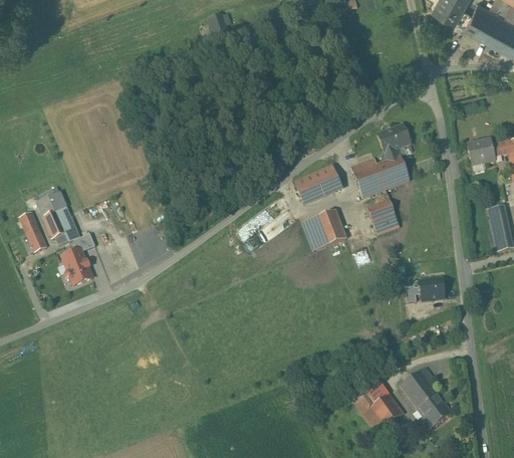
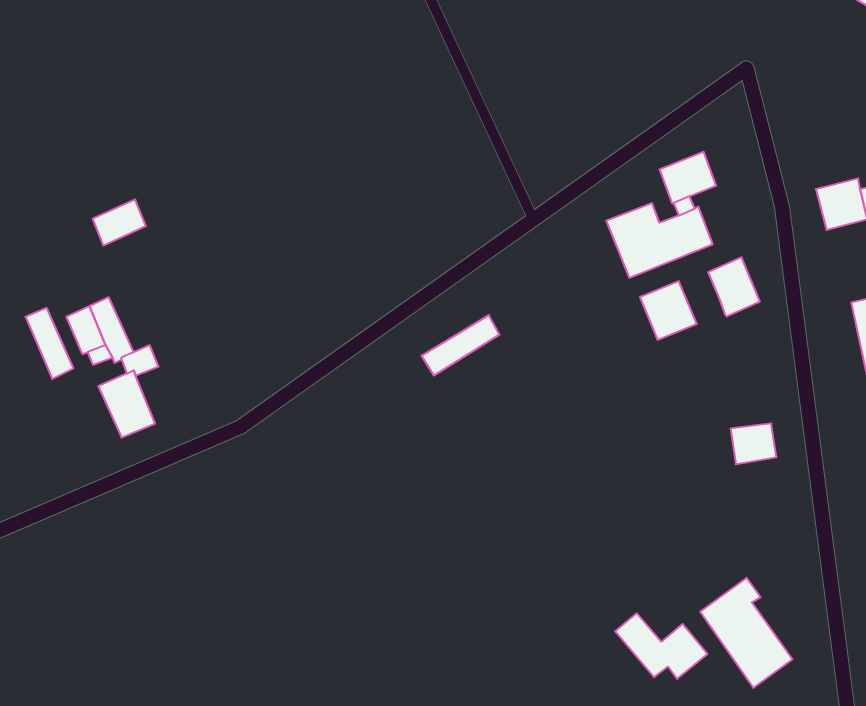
building: [297,162,339,197] -> none
building: none -> [708,257,760,317]
building: [36,192,66,218] -> [93,199,146,246]
building: [301,206,345,248] -> none

